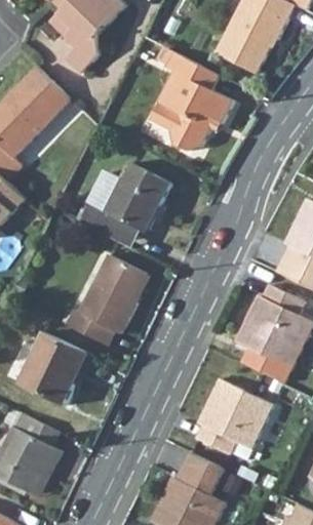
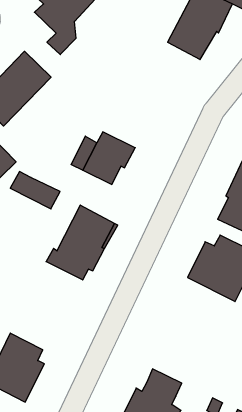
building: [152,47,237,153] -> none
building: [82,204,144,250] -> [10,172,60,209]
building: [17,332,89,403] -> none
building: [200,379,274,457] -> none

